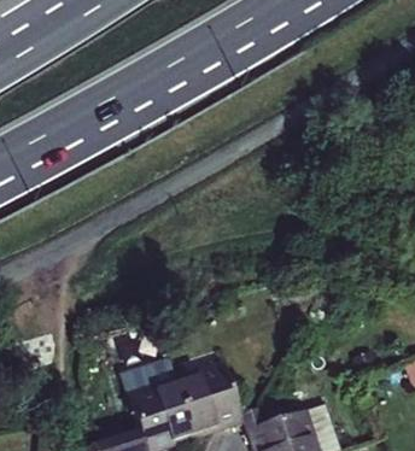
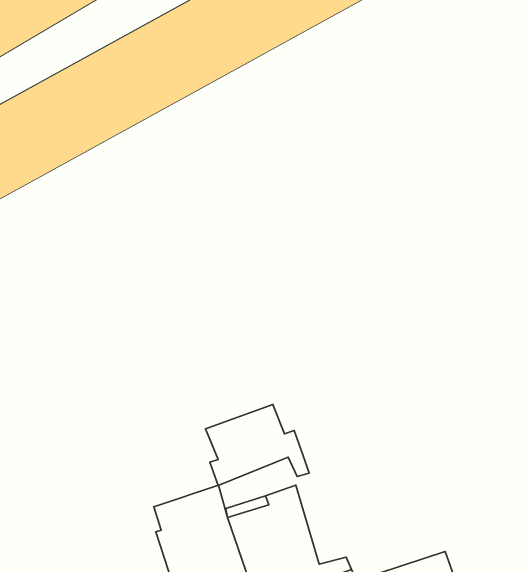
building: none -> [206,404,309,485]

